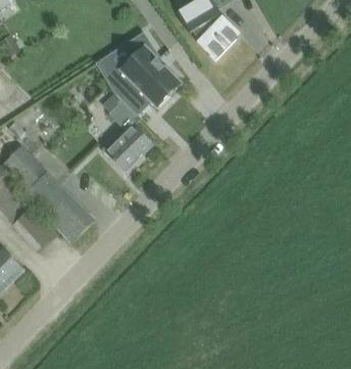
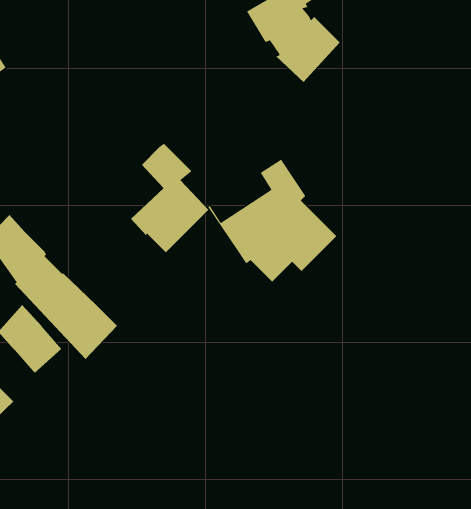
building: [94,31,180,112] -> [207,159,337,283]

